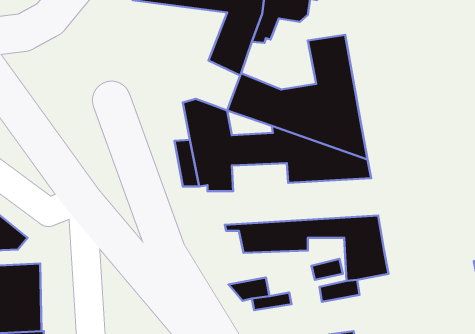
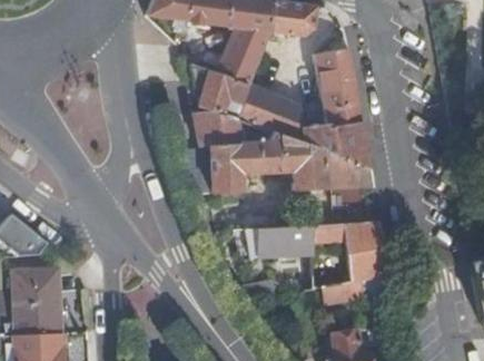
building: none -> [186,62,250,115]

